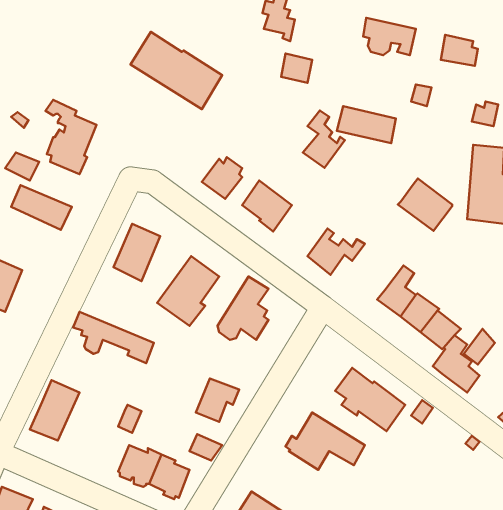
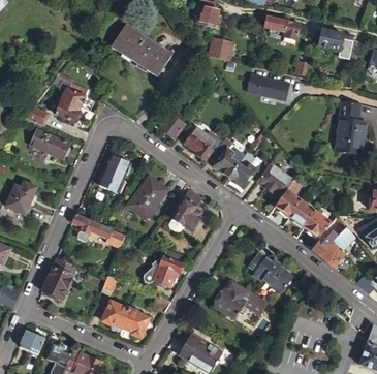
building: [303,111,345,168] -> [214,137,242,176]
building: [398,178,452,231] -> [256,163,292,198]

